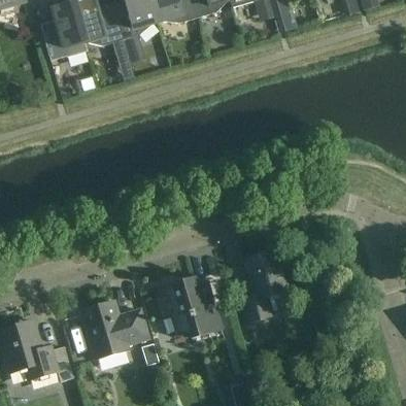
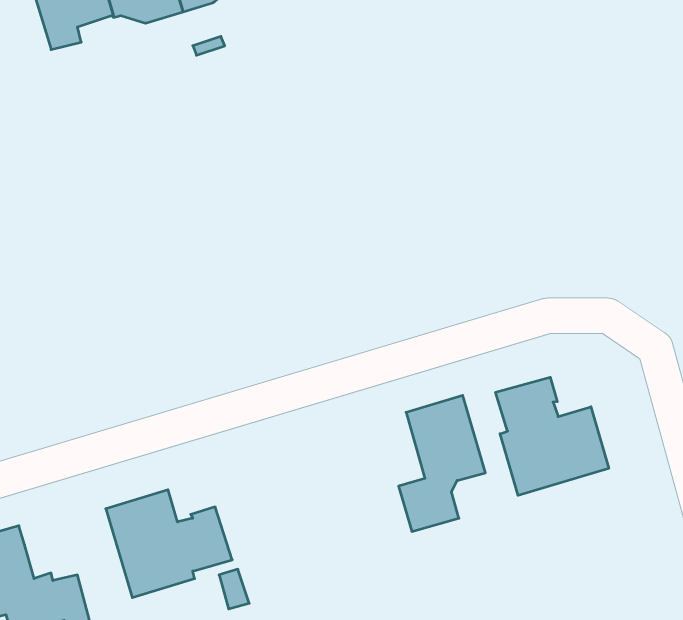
building: none -> [496,377,609,495]
building: [158,275,222,336] -> none

